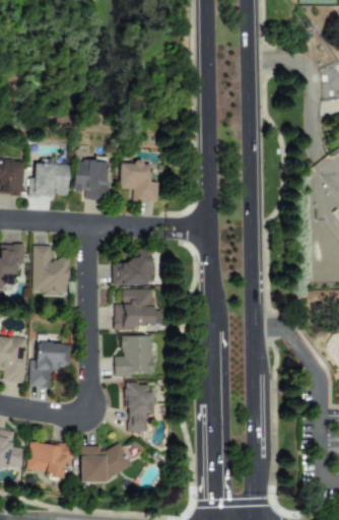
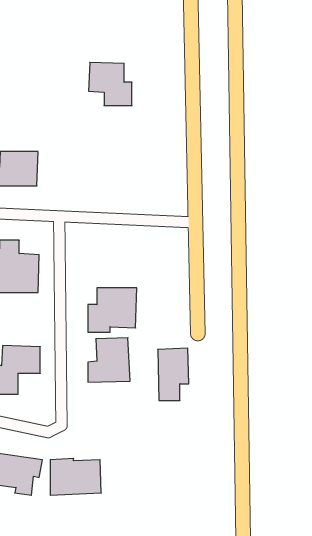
building: [72,159,107,199] -> none
building: [118,162,157,202] -> [89,62,132,106]
building: [112,250,152,285] -> none
building: [125,384,153,432] -> [158,348,189,400]

